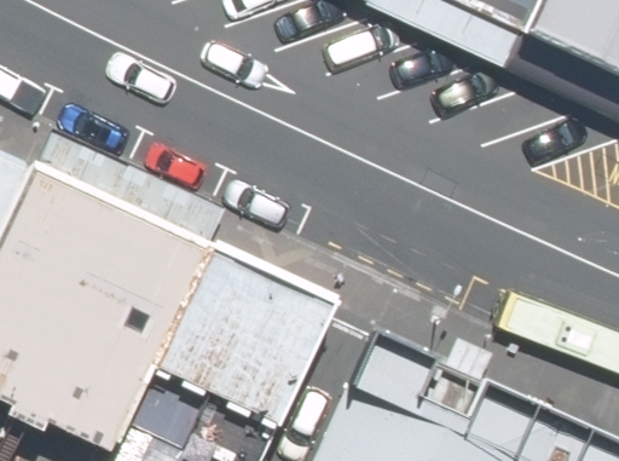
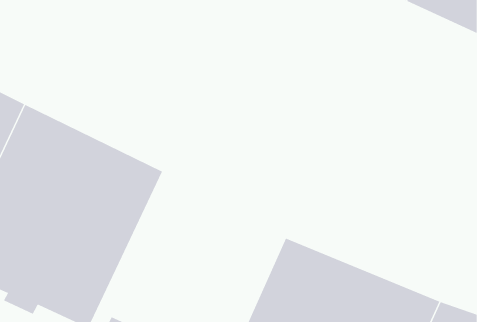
building: [156,255,336,433] -> none

